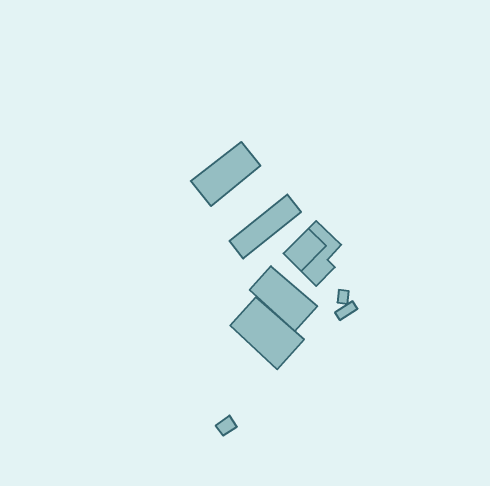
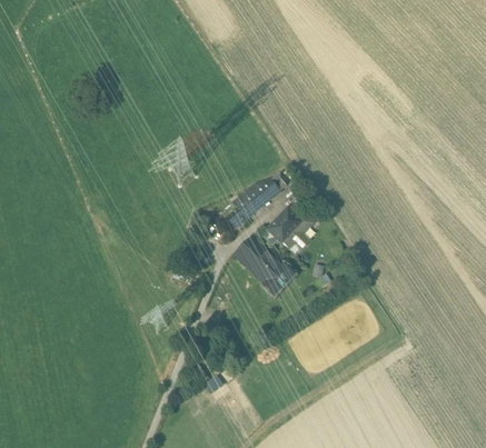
building: [191,142,260,206] -> none
building: [230,297,304,369] -> none

